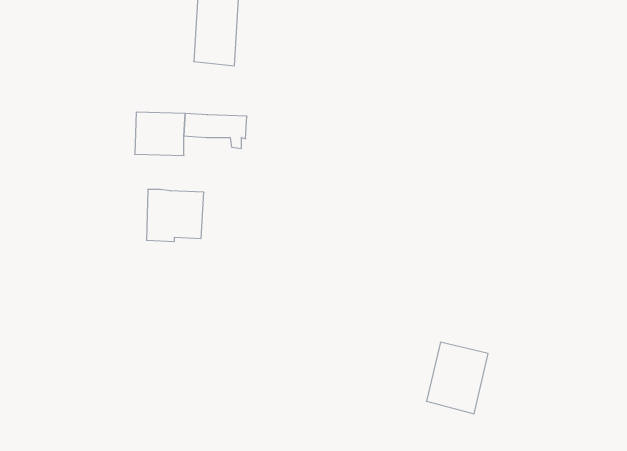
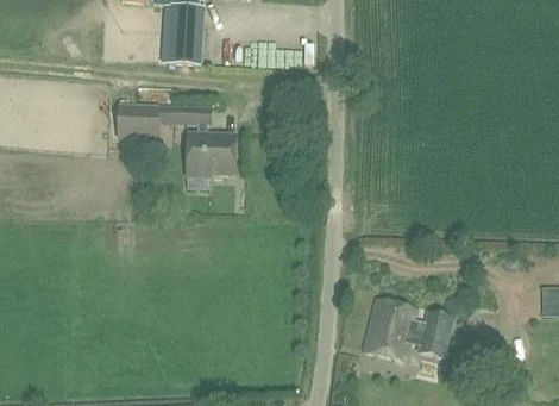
building: [146,190,204,241] -> [187,132,235,176]
building: none -> [417,307,453,357]

